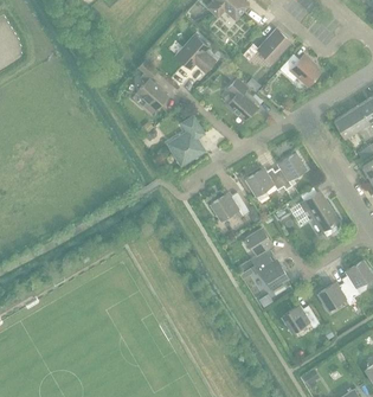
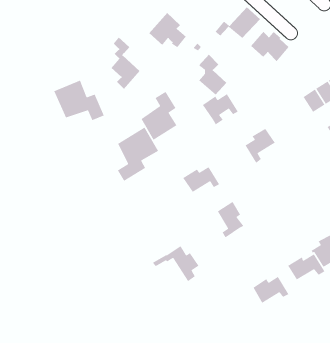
building: none -> [53,80,105,121]
building: none -> [117,126,159,182]
building: [245,167,283,200] -> [202,93,239,126]
building: [300,187,337,236] -> none
building: [239,256,288,294] -> [152,245,199,282]

